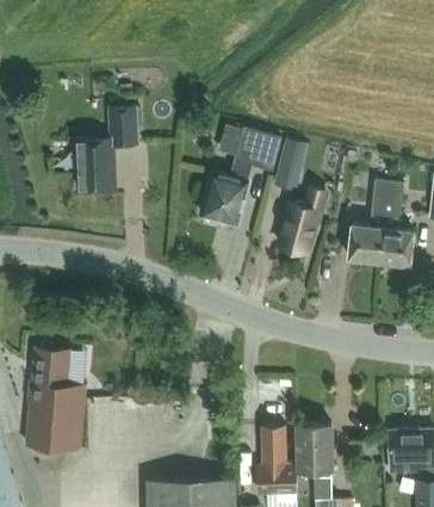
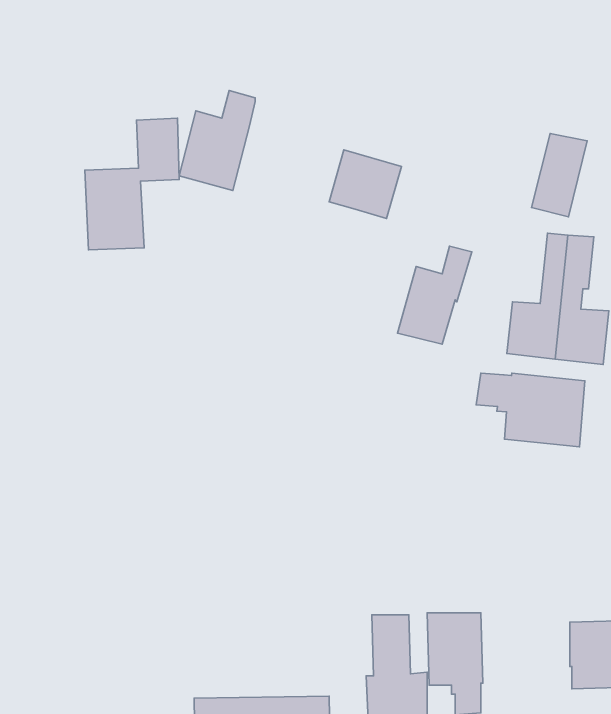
building: [273,140,309,193] -> [532,133,587,217]
building: [201,161,250,225] -> [179,91,255,191]
building: none -> [476,373,585,447]
building: [27,348,86,447] -> none

